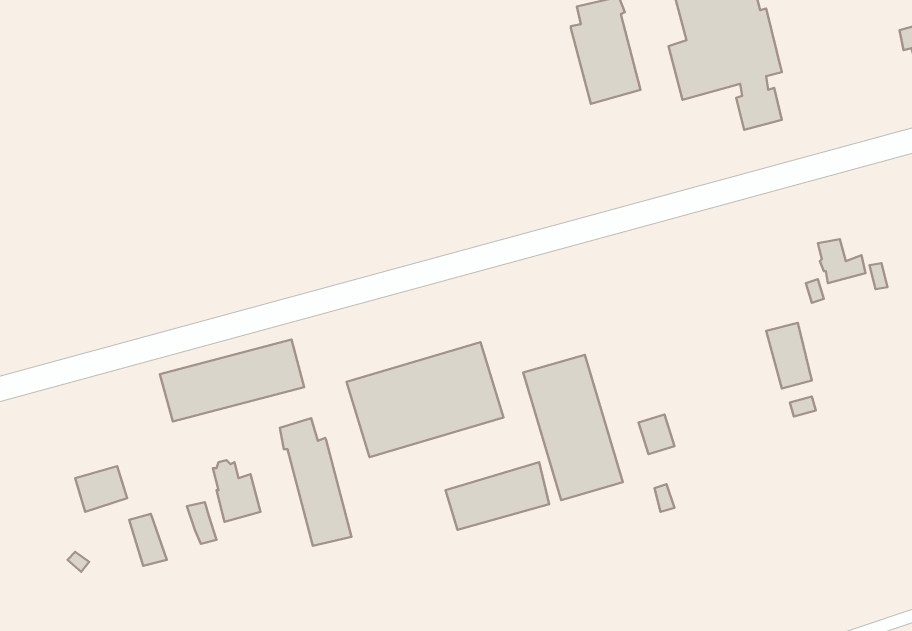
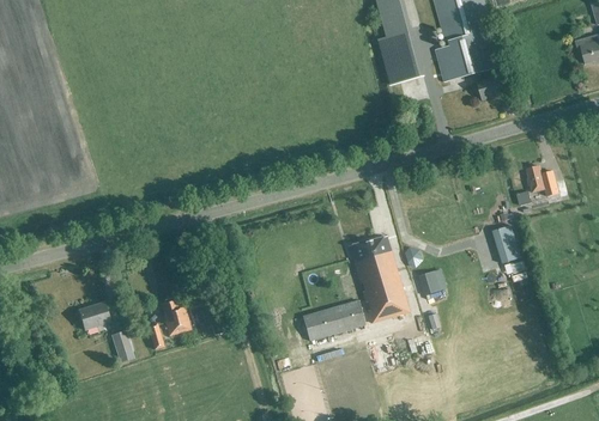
building: [160,340,304,422] -> none
building: [347,342,503,457] -> none
building: [280,418,352,546] -> none

